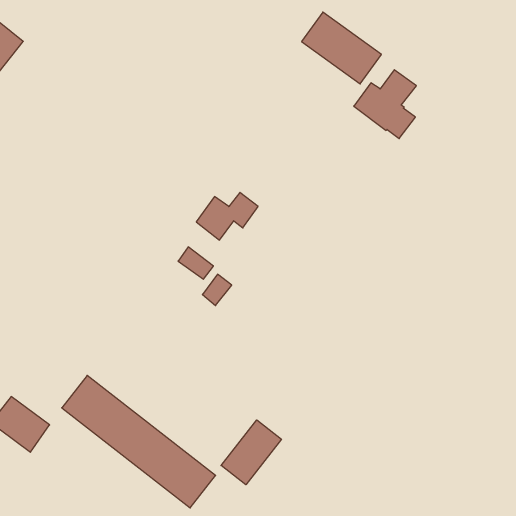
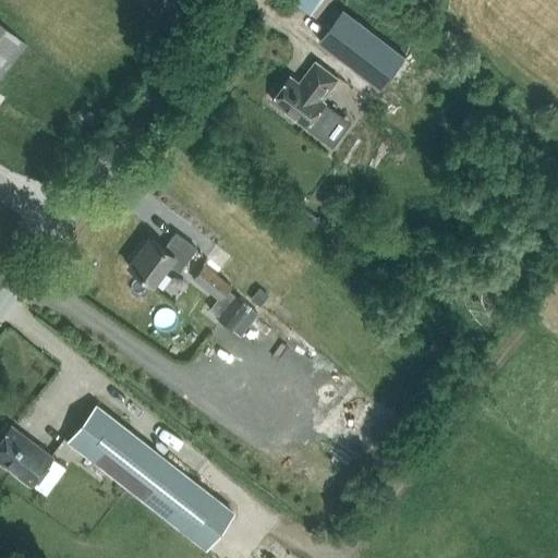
building: [354,70,416,139] -> [271,62,339,136]
building: [196,192,258,240] -> [128,235,194,287]
building: [221,420,281,485] -> none

